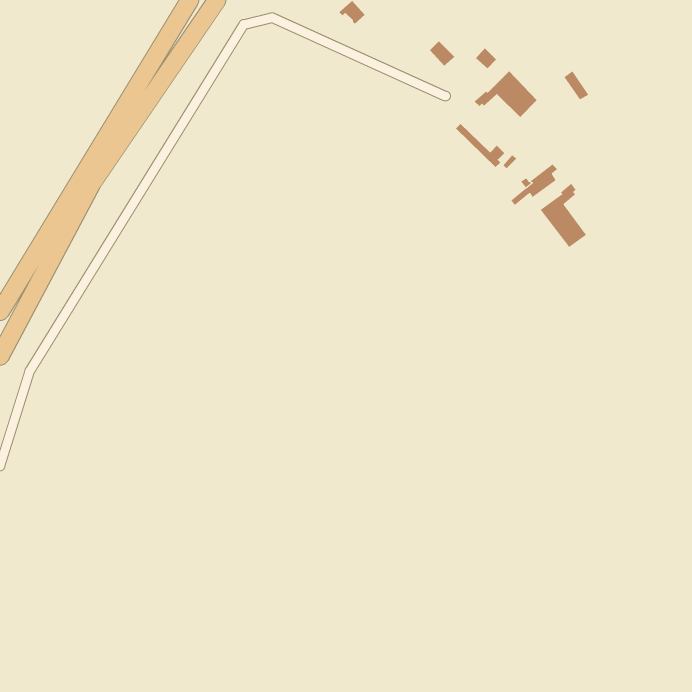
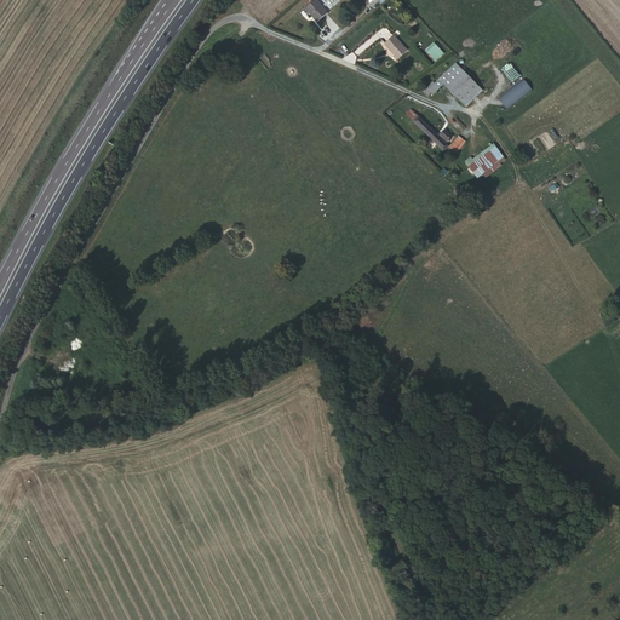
building: [540,183,587,248] -> none

